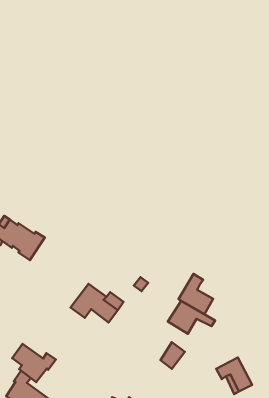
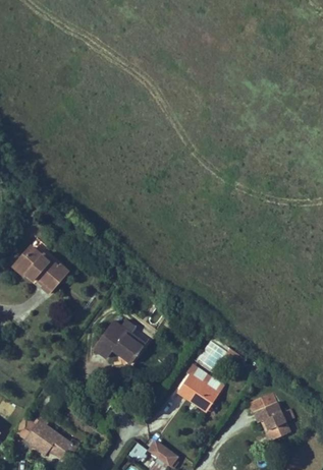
building: [179,274,213,314] -> none
building: none -> [175,371,204,403]
building: [12,344,56,382] -> none

